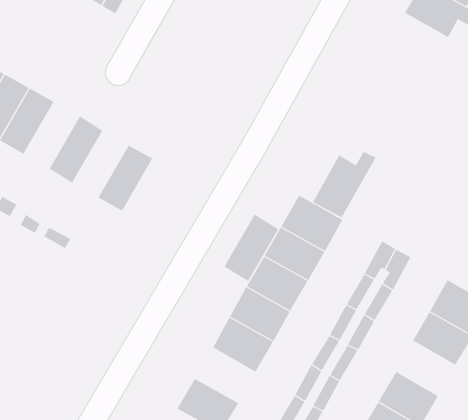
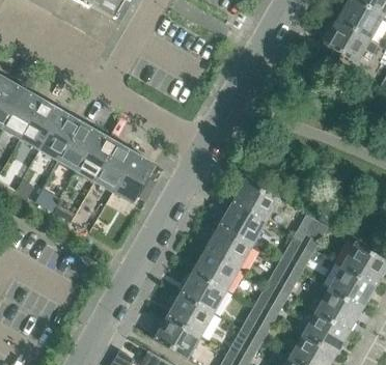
building: none -> [39,109,81,159]
building: none -> [76,131,117,180]
building: [312,151,376,218] -> none
building: [224,214,279,282] -> [113,151,155,202]
building: none -> [311,287,362,329]
building: none -> [167,292,213,334]

